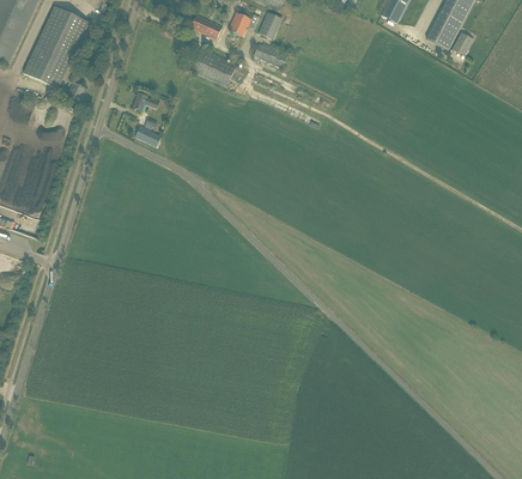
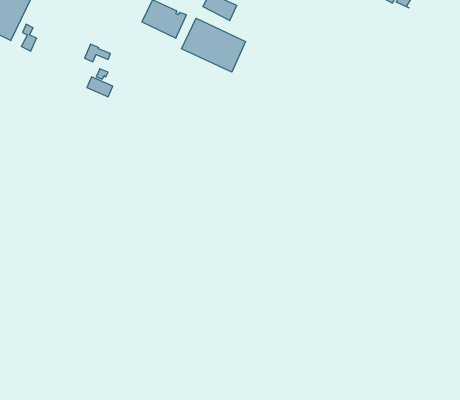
building: none -> [181,18,245,72]

